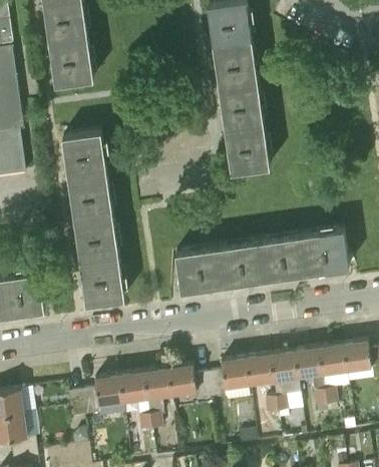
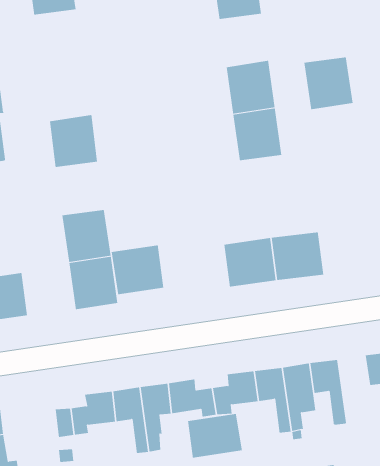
building: [48,38,92,85] -> none
building: [213,42,257,89] -> [304,57,353,110]
building: [67,173,111,220] -> none
building: [301,229,348,274] -> none
building: [174,247,222,291] -> [111,245,164,295]
building: [318,345,347,405] -> none
building: none -> [187,413,242,459]

